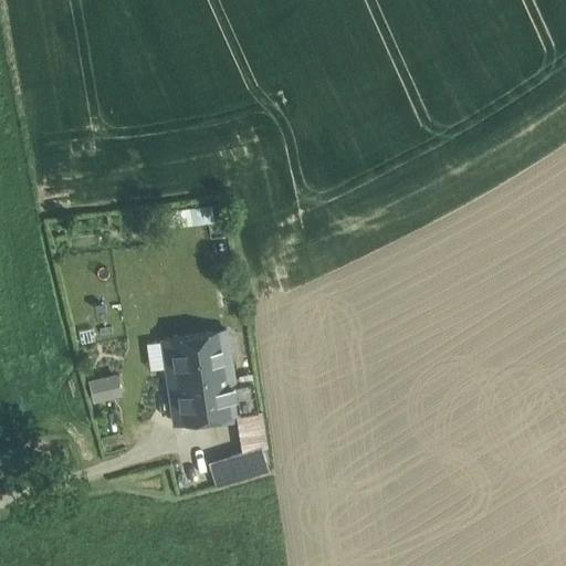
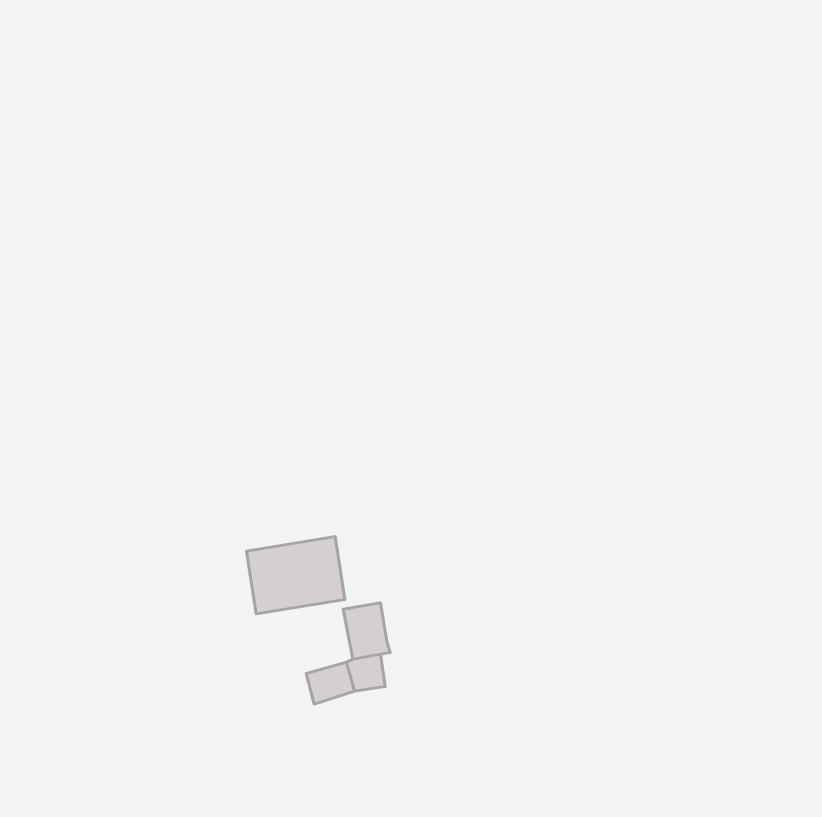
building: [165,334,231,382] -> none
building: [90,374,124,402] -> none

